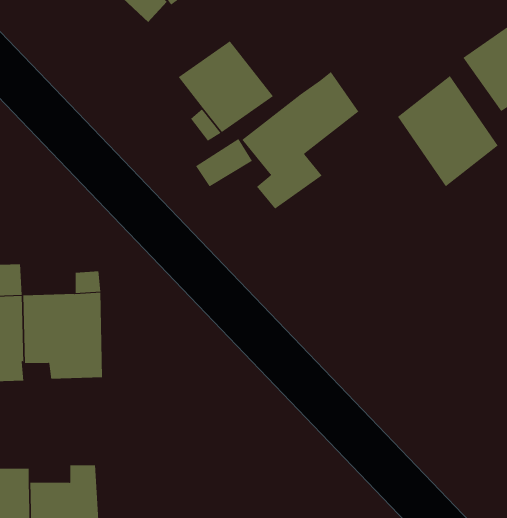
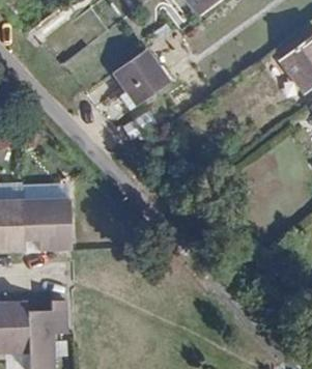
building: [241,71,359,209] -> none
building: [397,75,499,187] -> none

